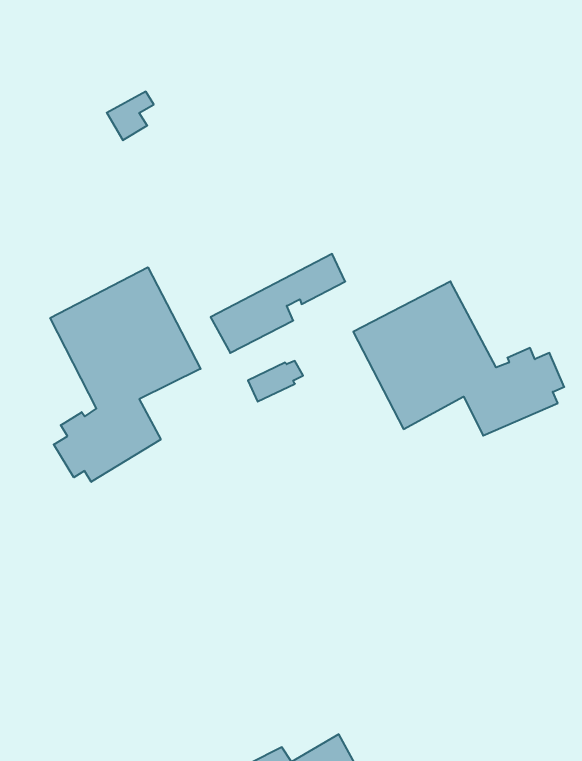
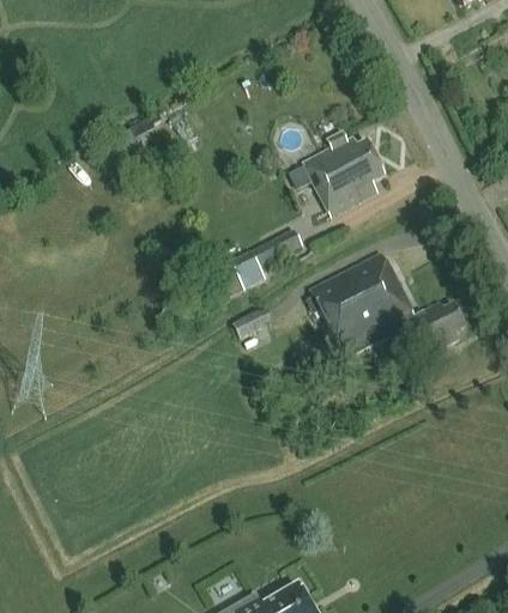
building: none -> [303,133,386,217]
building: [50,267,201,482] -> none

